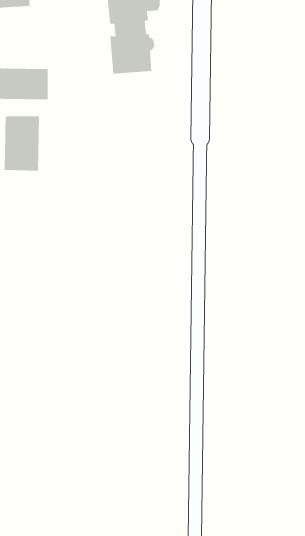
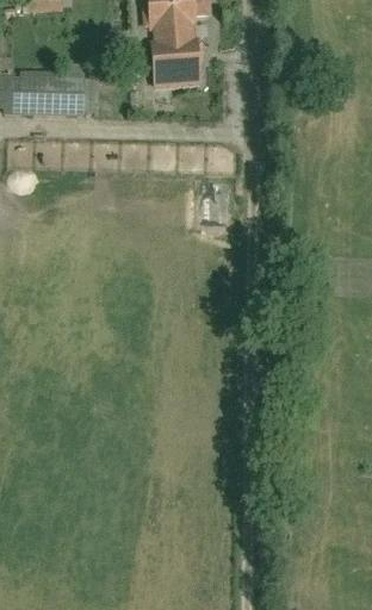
building: [4,115,39,171] -> none

